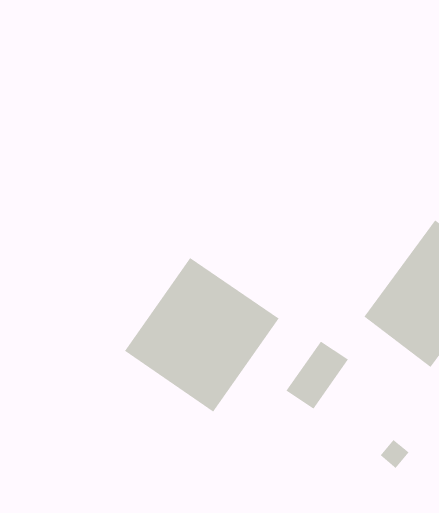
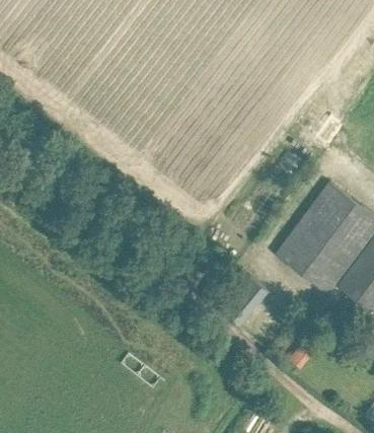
building: [124,257,279,412] -> none

